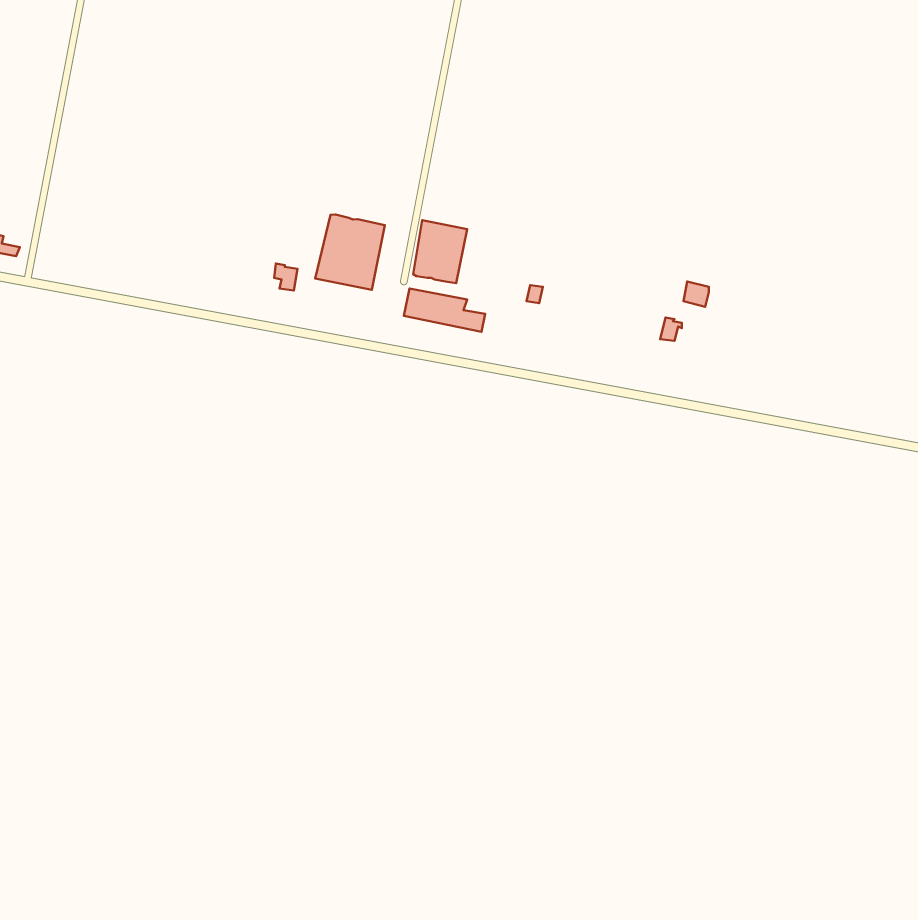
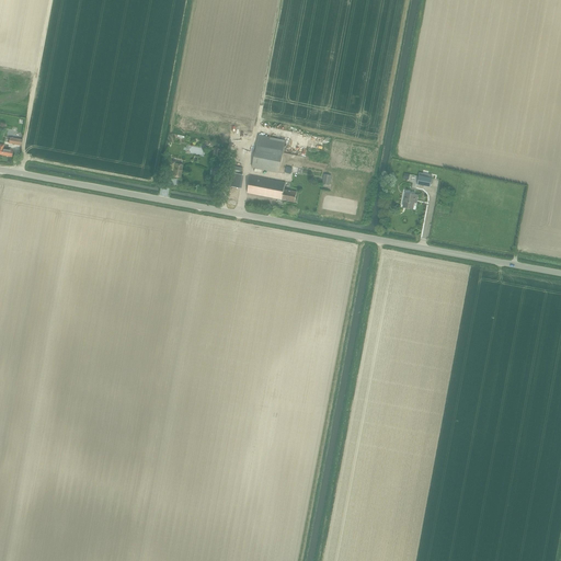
building: [315,215,385,290] -> none

